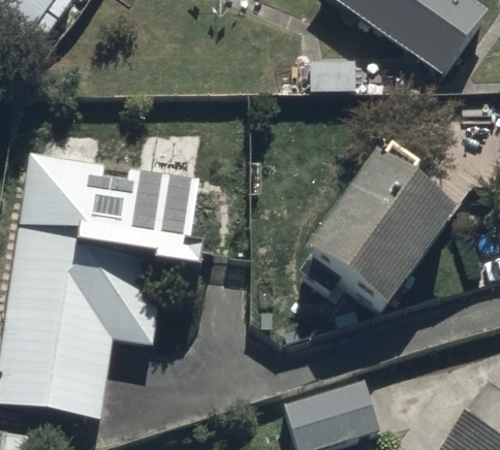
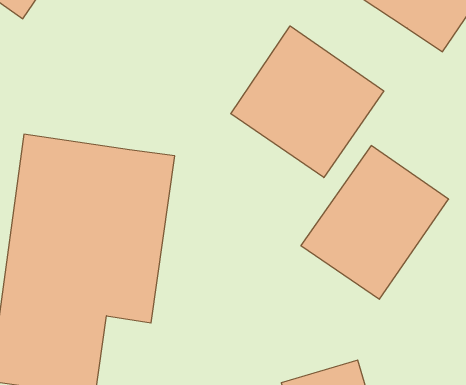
building: none -> [231,26,384,178]

